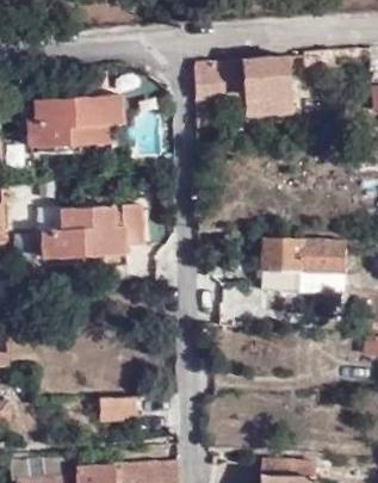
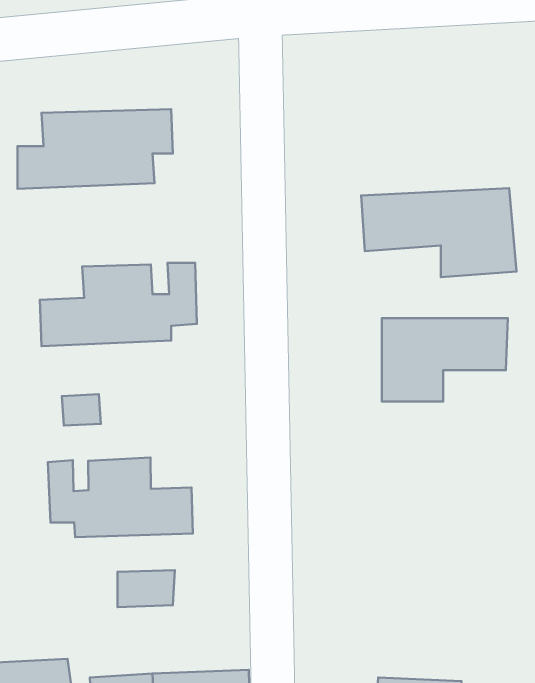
building: [194,58,295,116] -> [361,188,517,277]
building: none -> [48,458,193,537]

